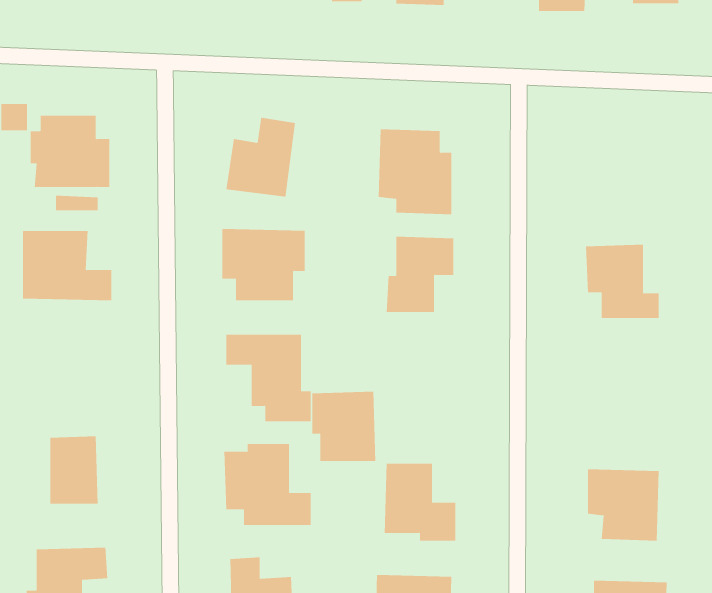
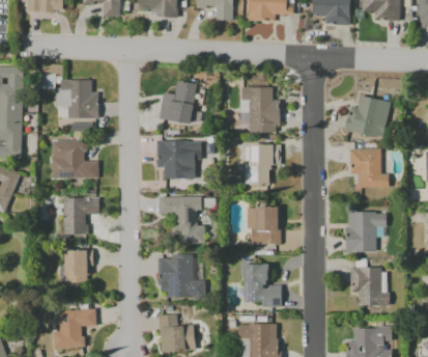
building: none -> [344,95,391,139]
building: none -> [62,197,99,236]
building: none -> [346,212,387,252]
building: [312,391,376,462] -> [247,207,281,244]

